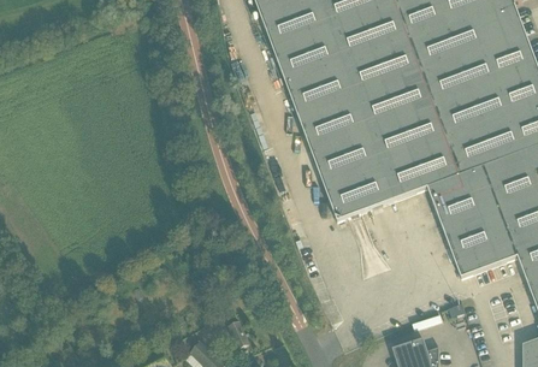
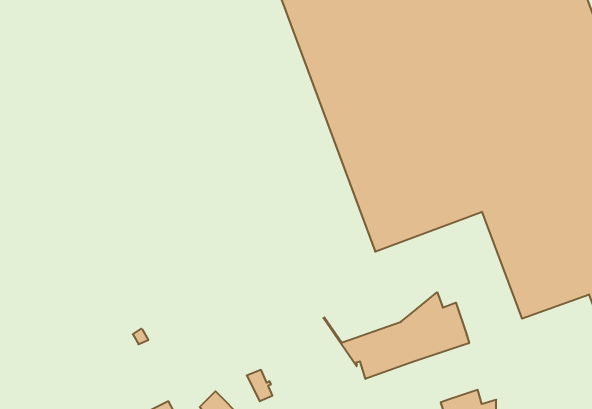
building: none -> [323,292,469,379]

